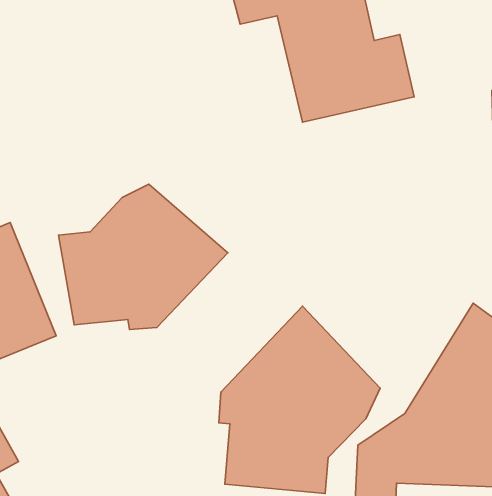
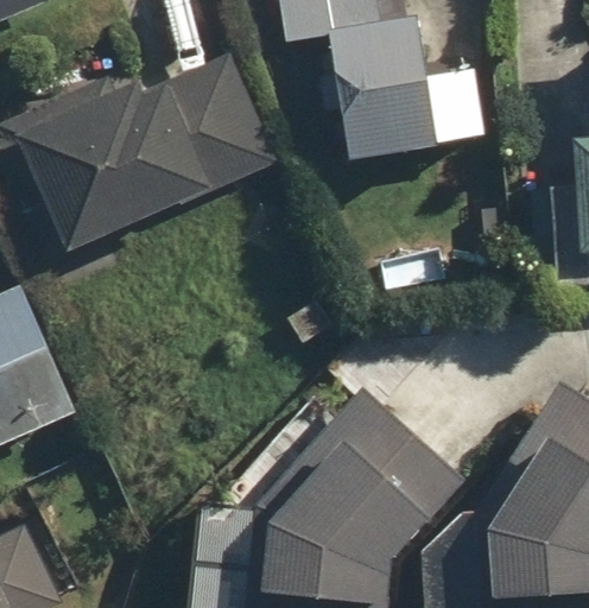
building: none -> [27,55,267,247]
building: [58,184,228,330] -> none

